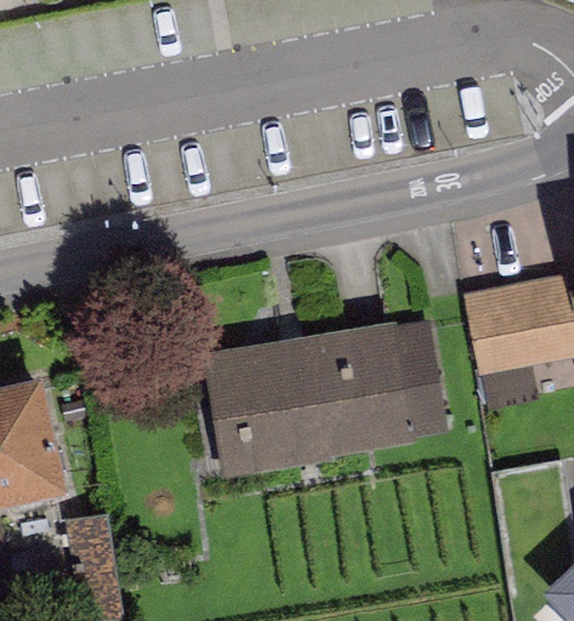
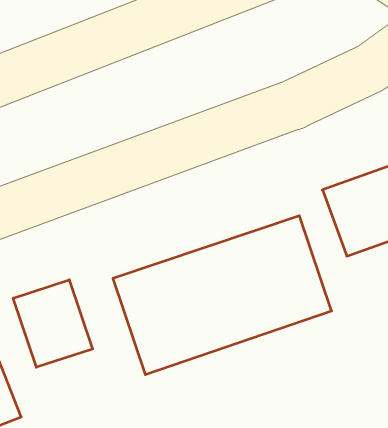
building: none -> [13,280,93,367]

